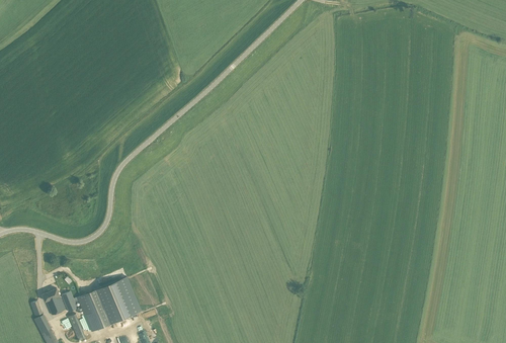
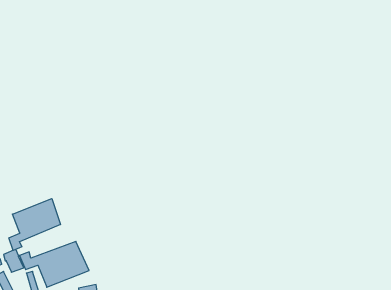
building: none -> [9,199,60,250]

